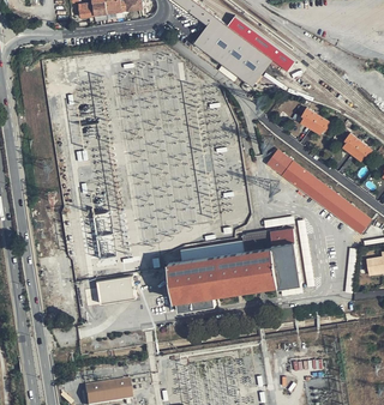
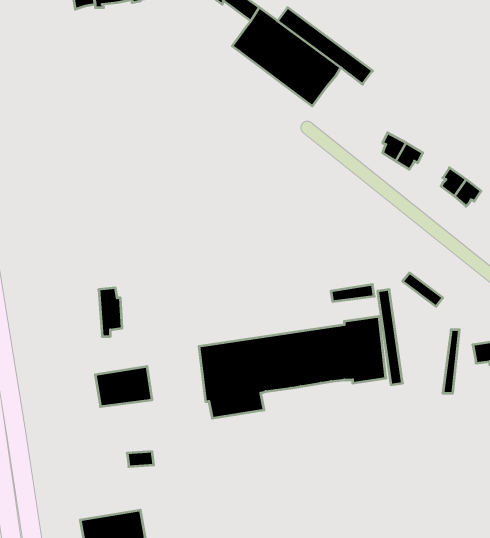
building: [268,150,371,232] -> none

